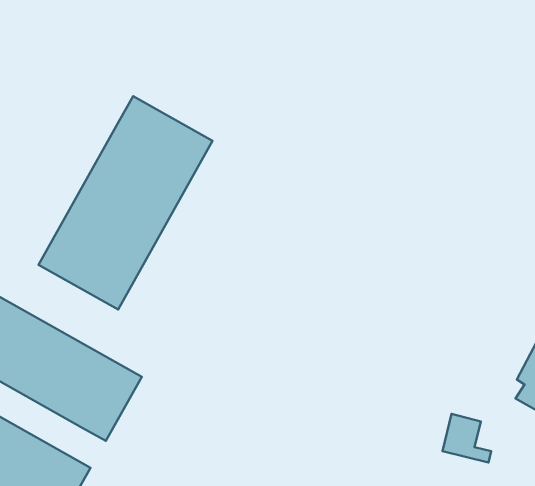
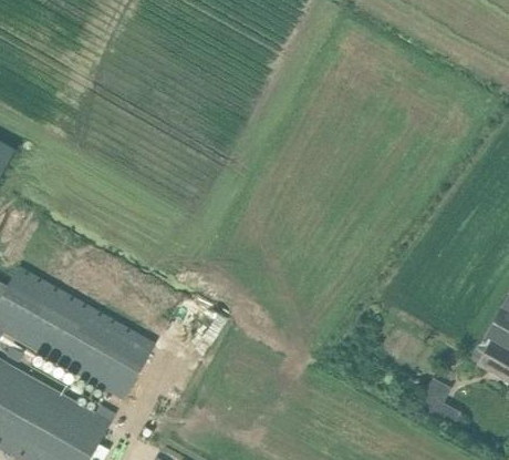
building: [38,96,213,309] -> none

